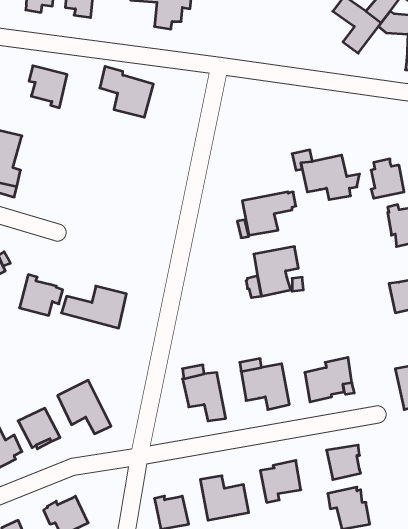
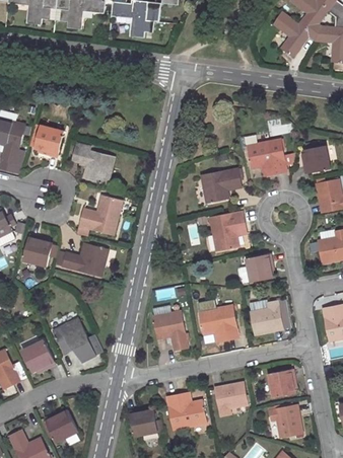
building: [29,66,67,108] -> [31,124,62,157]
building: [100,66,153,117] -> [71,143,114,183]
building: none -> [77,196,122,235]
building: none -> [246,255,272,282]

